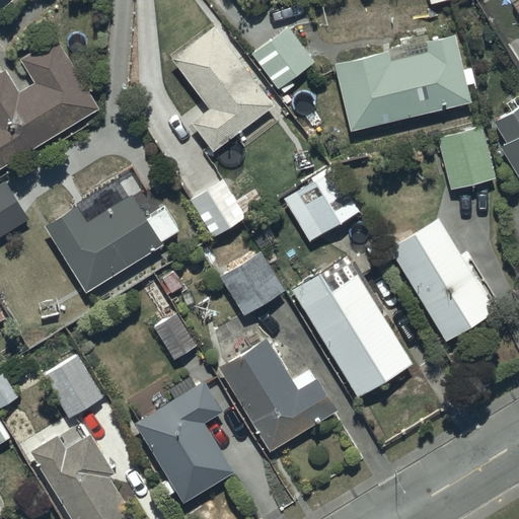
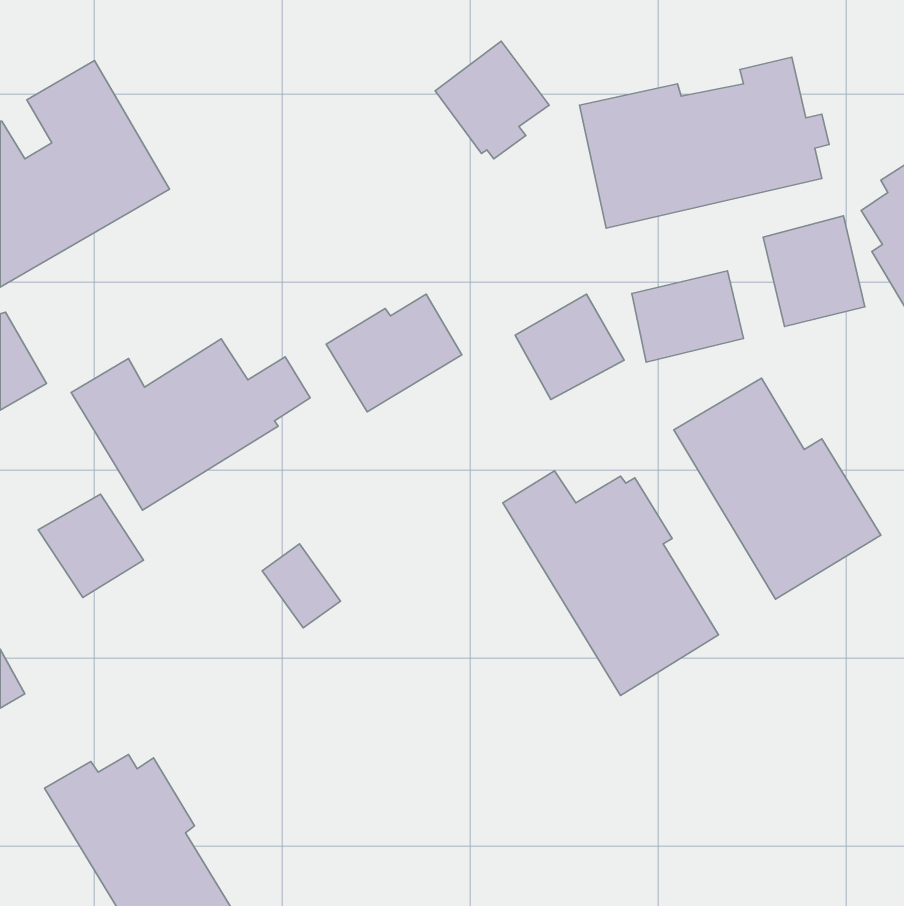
building: [169,24,275,152] -> none
building: none -> [632,271,743,362]
building: [219,250,285,315] -> none
building: [219,340,337,451] -> none
building: [43,358,102,417] -> [38,494,143,598]
building: [134,377,233,505] -> none

